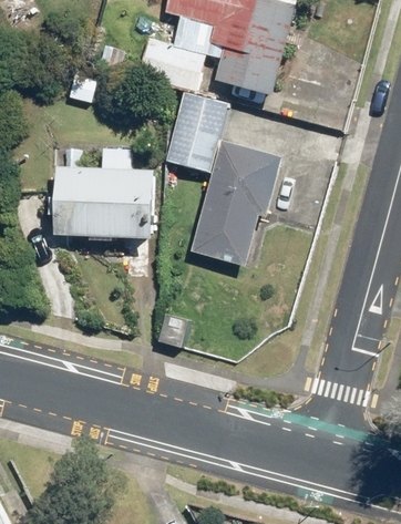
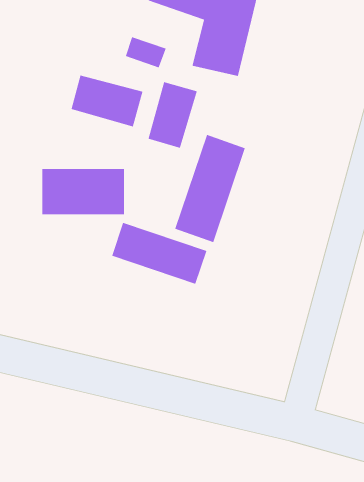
building: none -> [70,74,143,127]
building: none -> [111,222,207,285]

